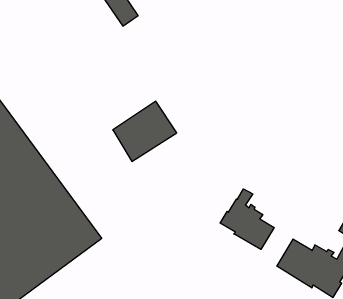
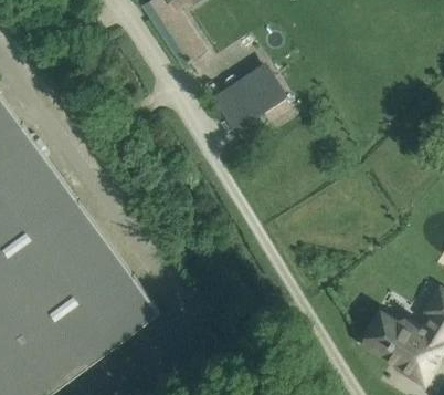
building: [113,101,177,161] -> [215,65,289,135]
building: [220,189,274,249] -> none

